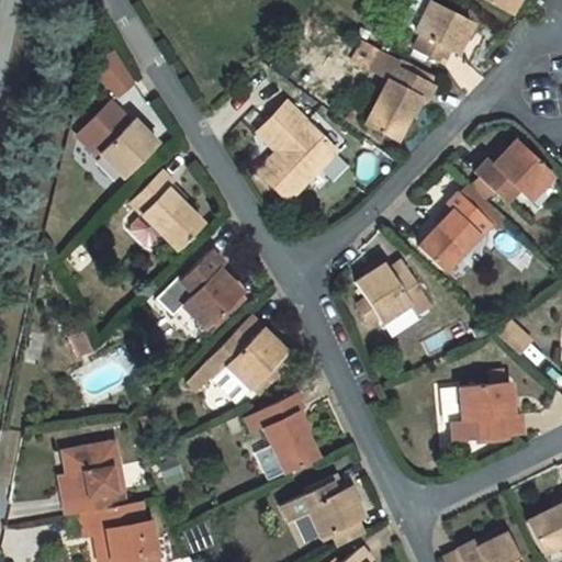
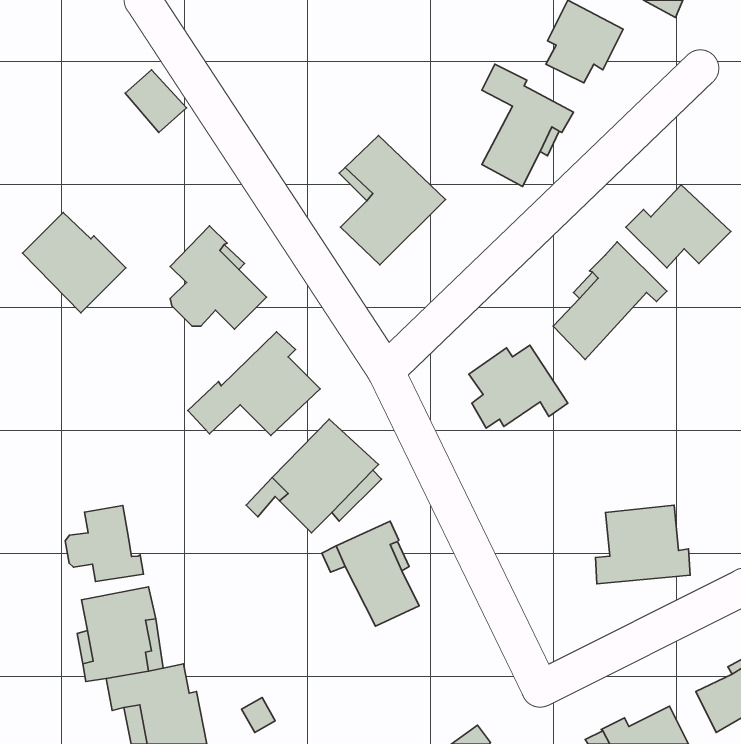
building: [80,101,158,177] -> [23,212,126,313]
building: none -> [65,506,144,582]
building: [280,474,367,547] -> none

